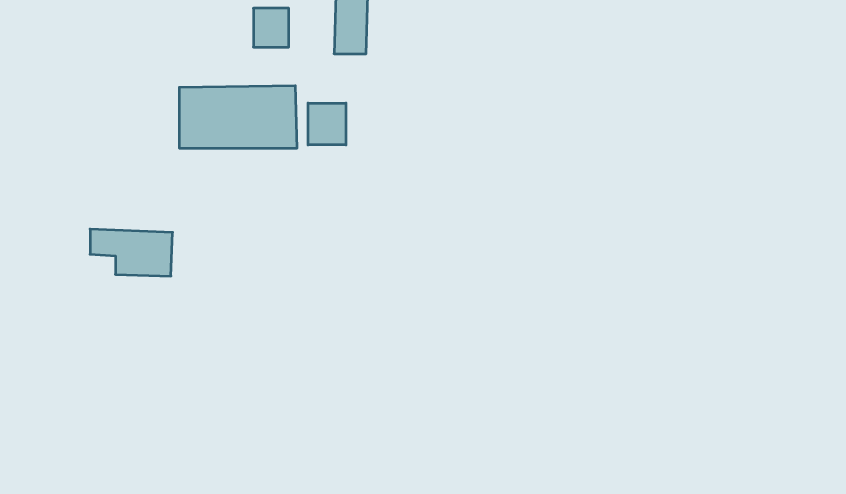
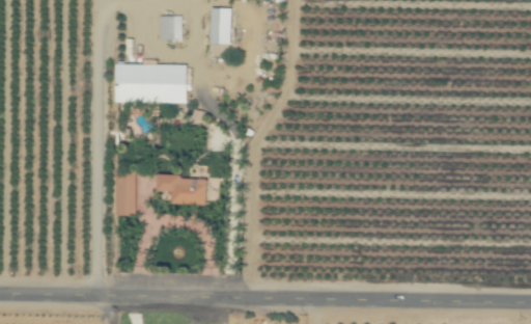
building: [308,103,346,145] -> none
building: [90,229,173,276] -> [156,176,206,205]

